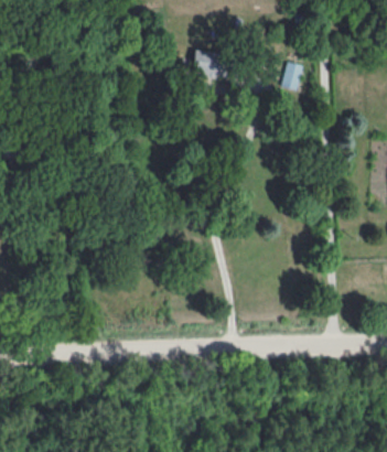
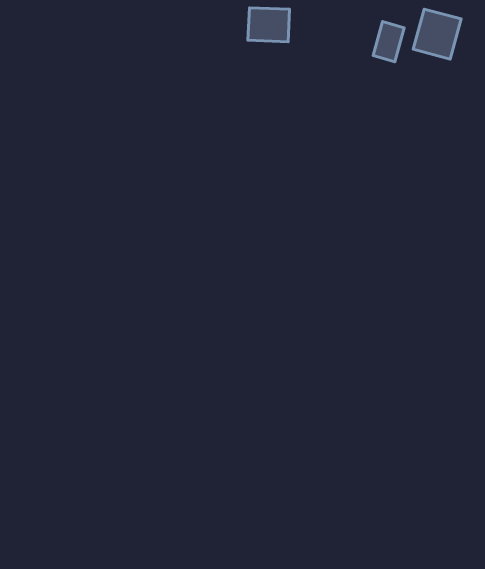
building: none -> [413,9,461,59]

